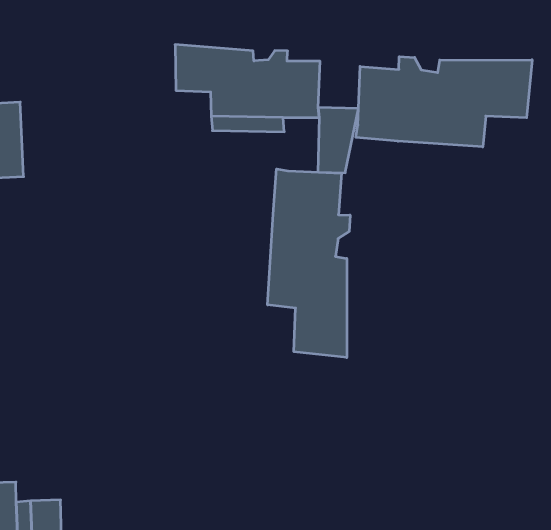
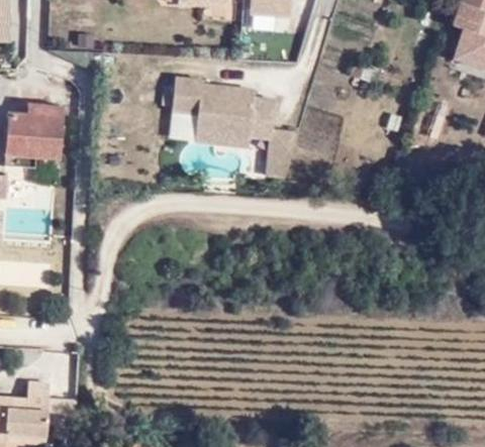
building: [356,57,532,147] -> none
building: [268,169,350,358] -> none

